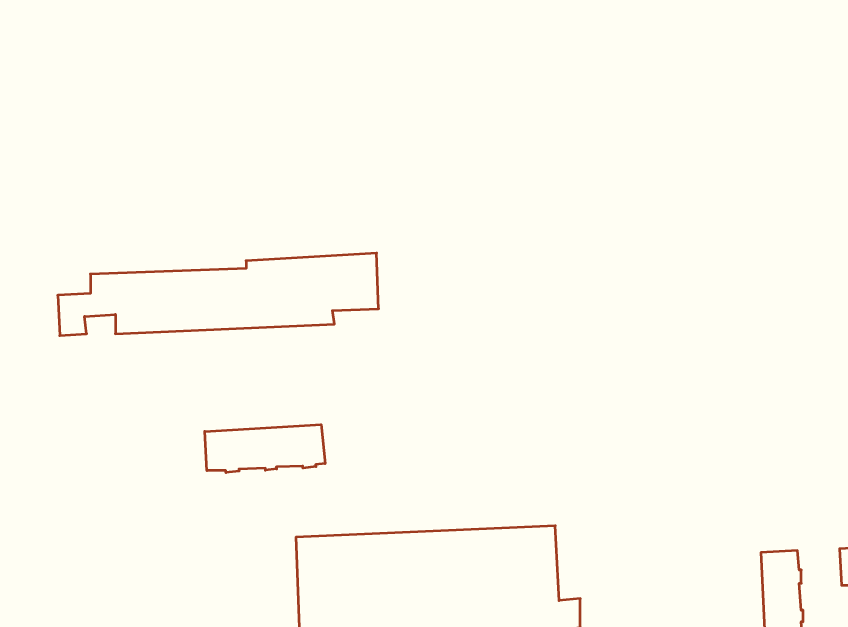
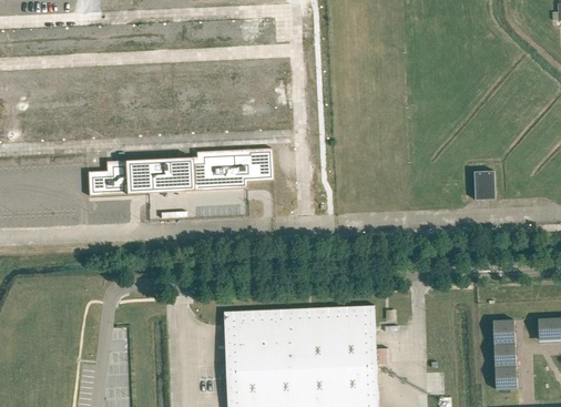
building: none -> [473,171,496,200]
building: [205,425,325,473] -> none

